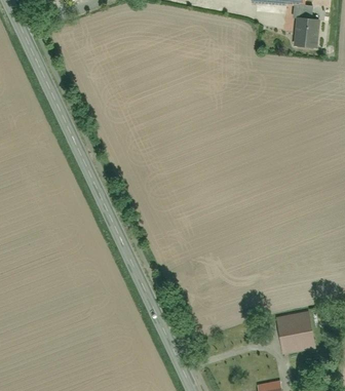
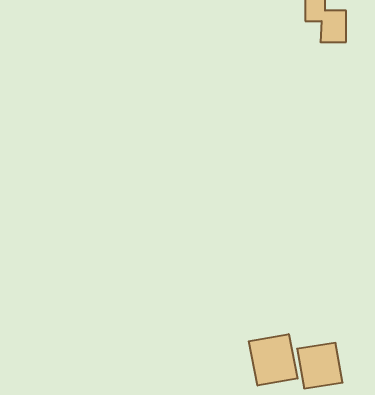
building: none -> [249,334,298,386]

